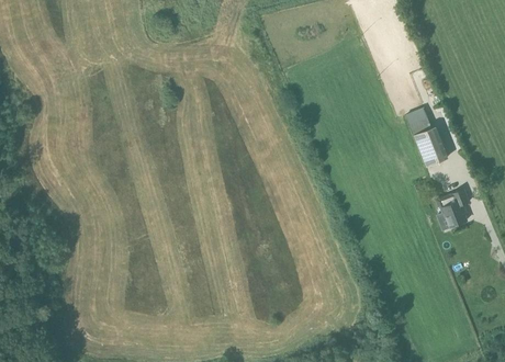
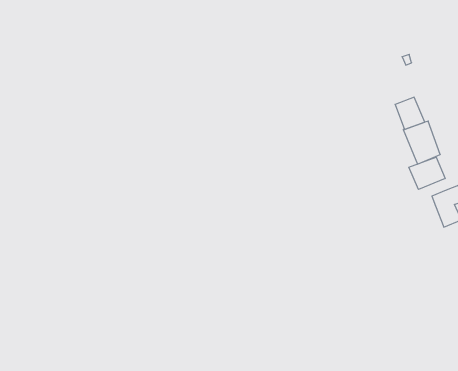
building: none -> [409,157,445,189]

